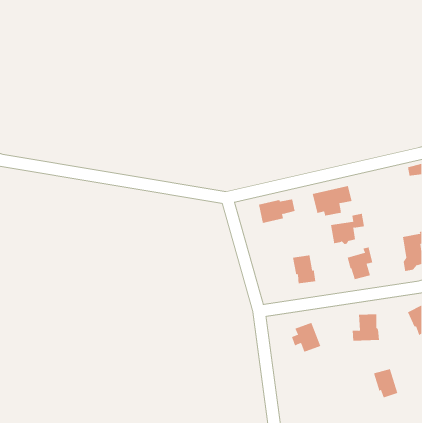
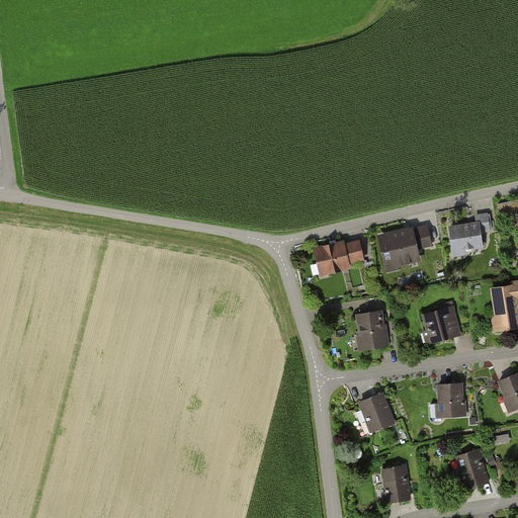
building: [330,213,365,245] -> [449,213,492,252]
building: none -> [382,465,410,501]

